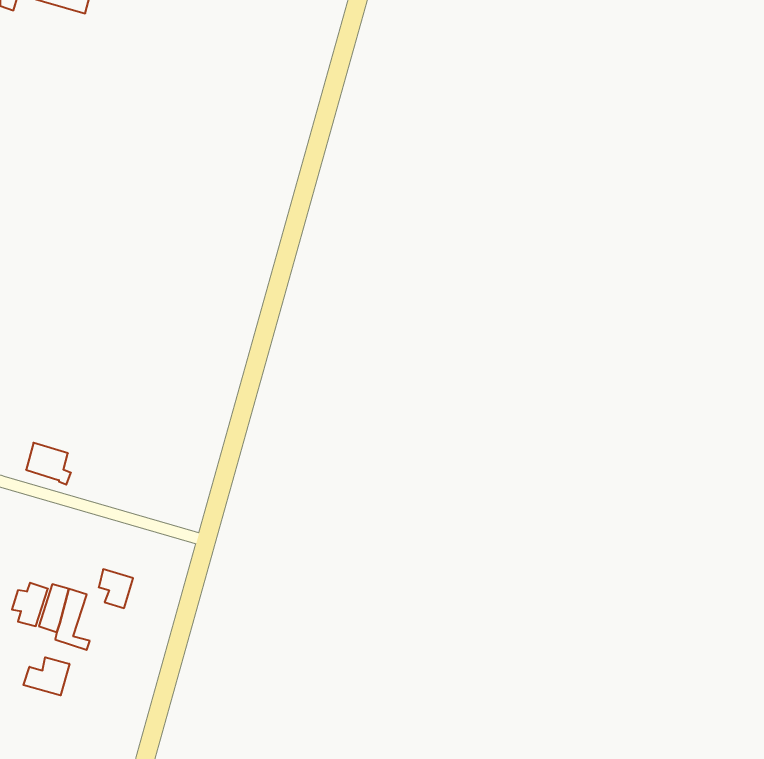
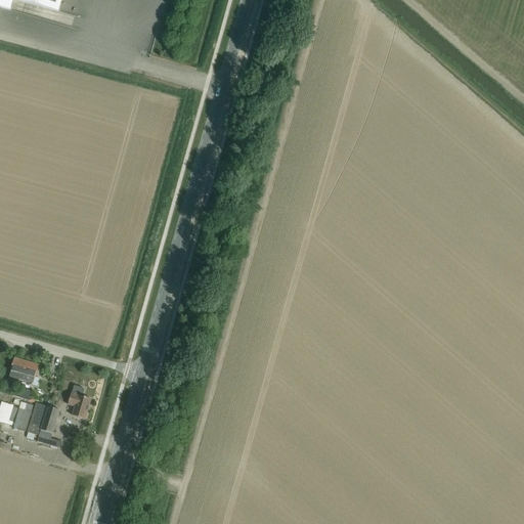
building: [26,443,71,485] -> [9,355,40,384]
building: [23,657,69,695] -> none

